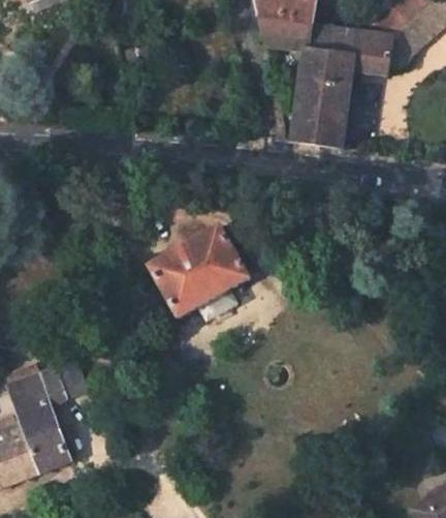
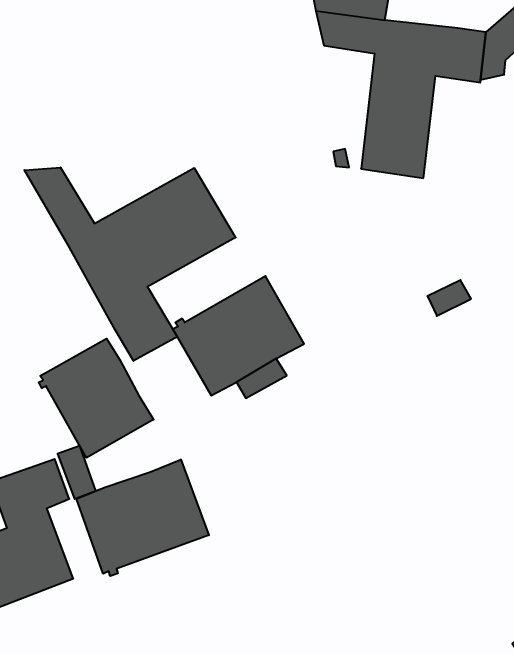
building: none -> [24,167,236,361]
building: none -> [39,339,154,458]
building: none -> [76,459,209,576]

